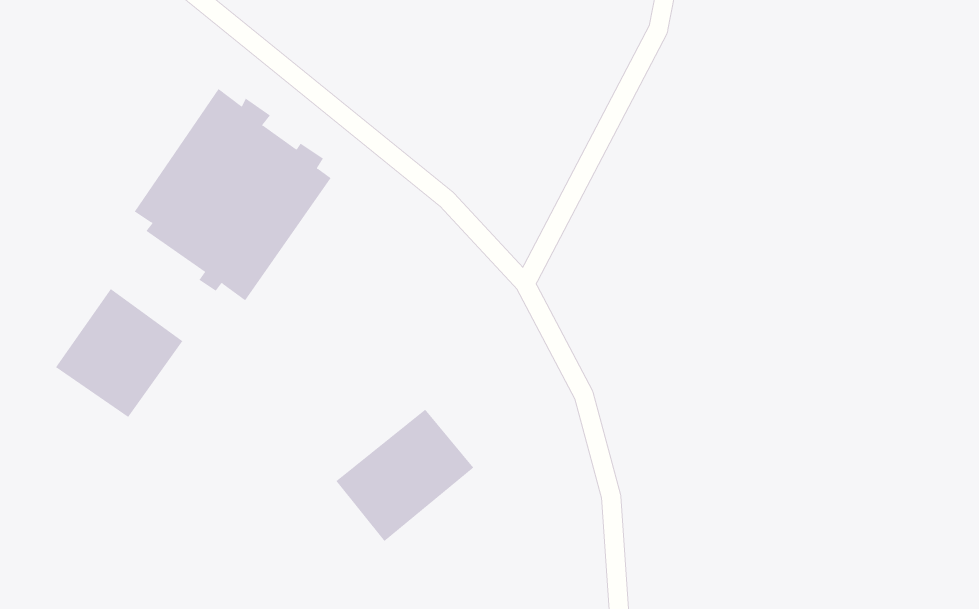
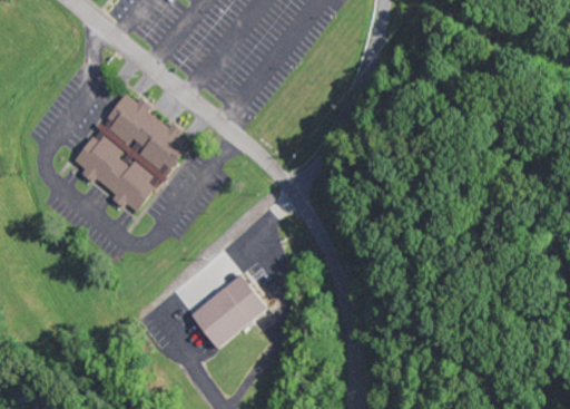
building: [55,288,183,418] -> none

